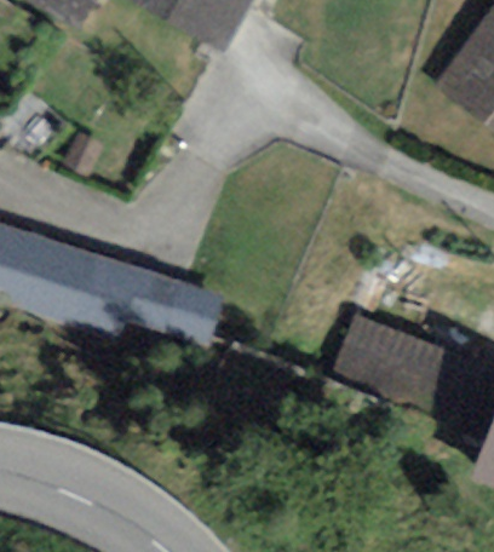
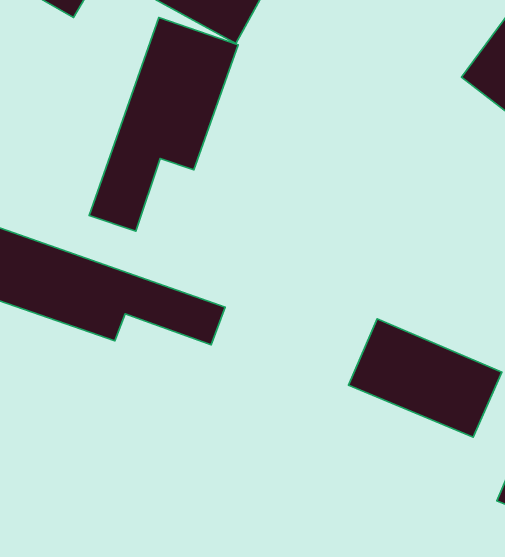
building: none -> [89,17,238,231]

